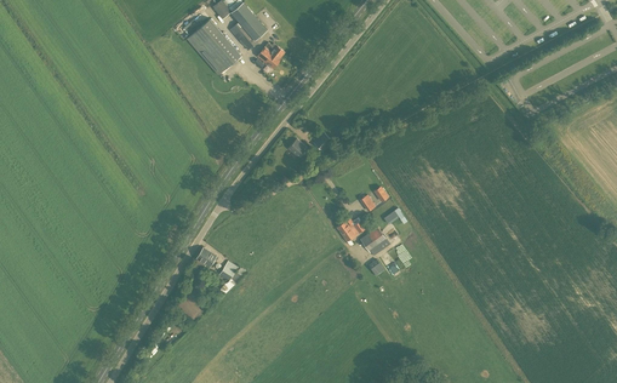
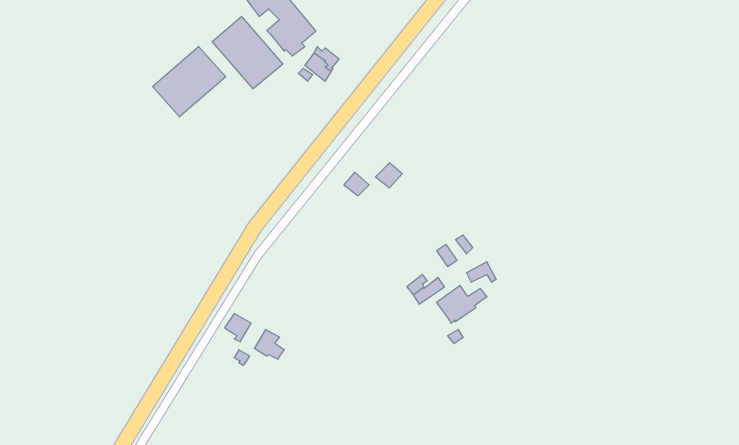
building: none -> [153,46,226,117]

